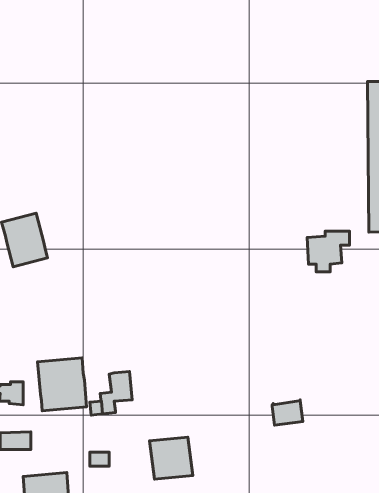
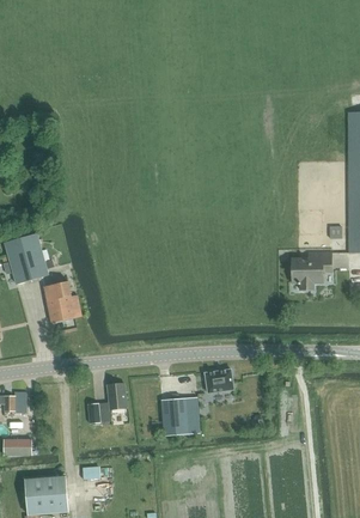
building: none -> [43,281,81,322]
building: [38,358,87,411] -> none
building: [272,400,303,425] -> [205,368,233,392]
building: [149,437,193,479] -> [160,397,201,437]

